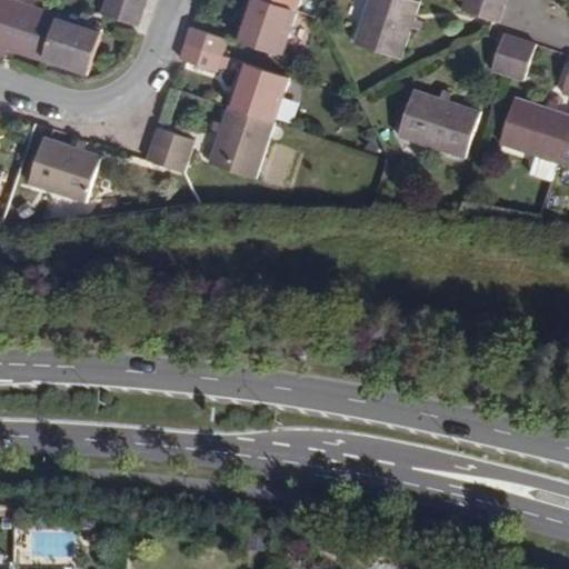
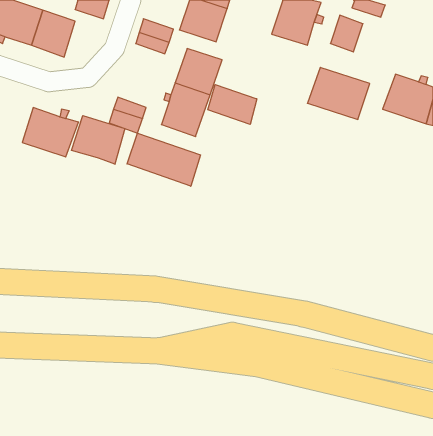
building: [491,32,533,80] -> [330,15,363,52]
building: none -> [208,85,257,124]
building: none -> [72,116,125,164]
building: none -> [127,133,200,186]

